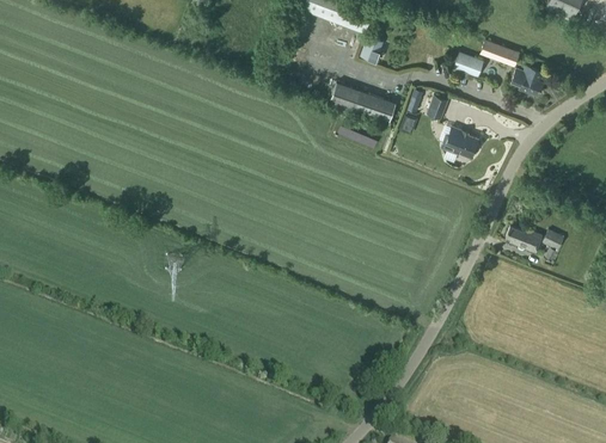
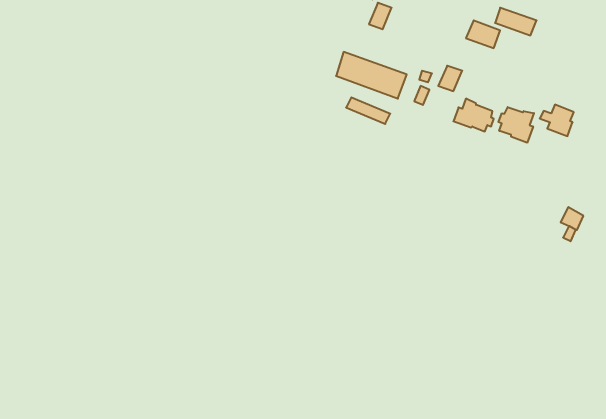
building: [513,63,545,93] -> [540,105,574,136]
building: none -> [498,107,534,143]
building: [507,224,543,251] -> none

